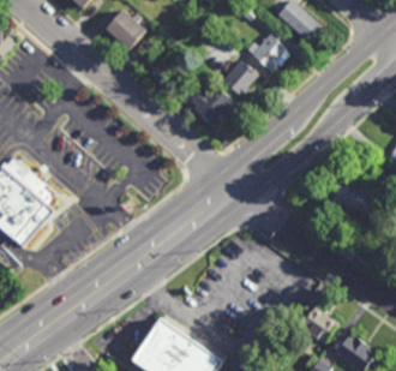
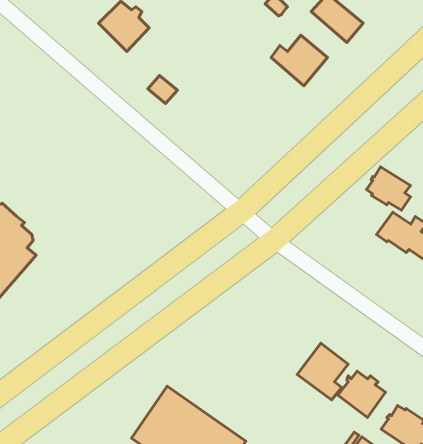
building: [223,60,258,95] -> none
building: [191,85,233,127] -> none
building: none -> [367,167,411,210]
building: none -> [297,343,348,400]

